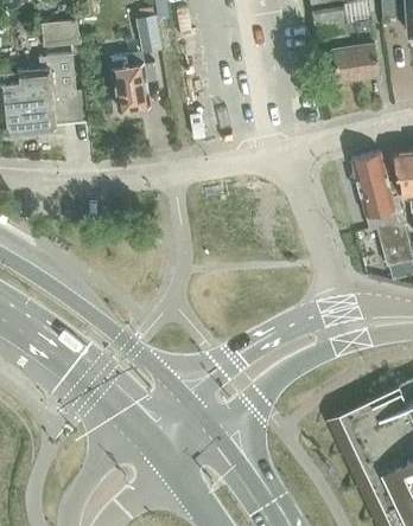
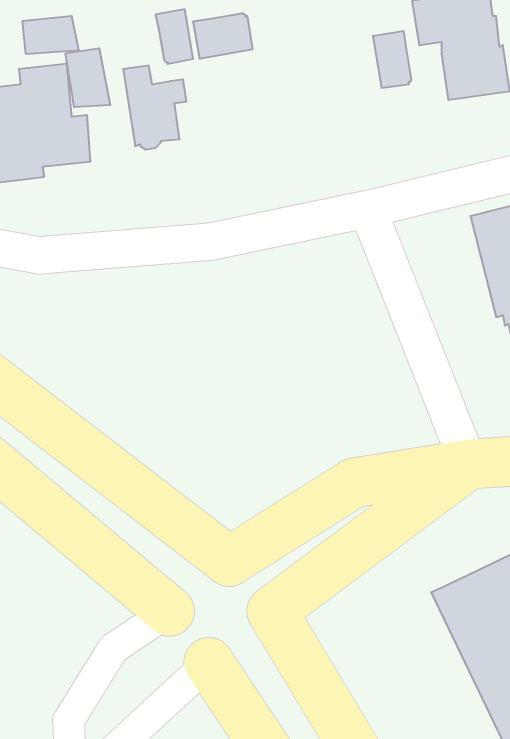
building: none -> [193,13,253,59]
building: none -> [373,31,411,88]
building: none -> [66,48,110,107]

